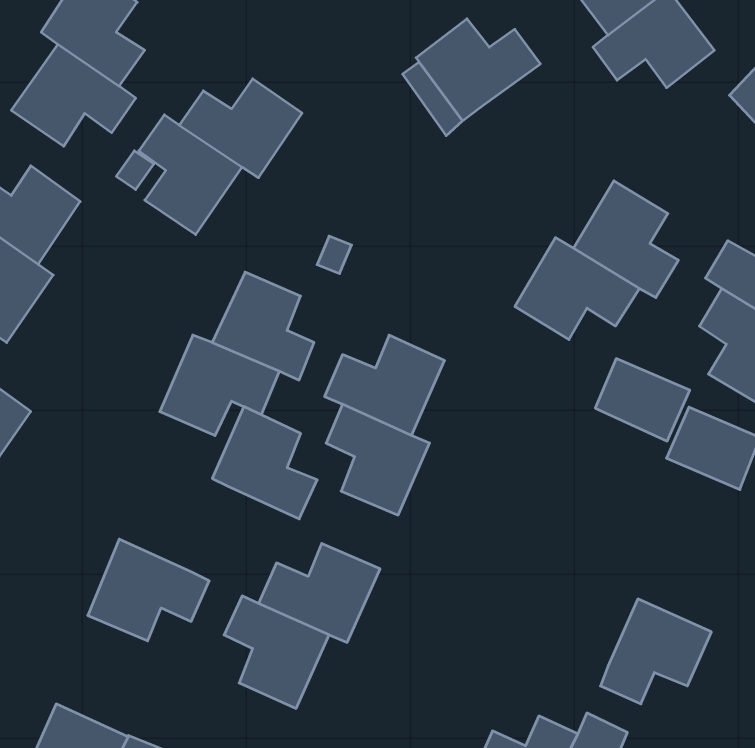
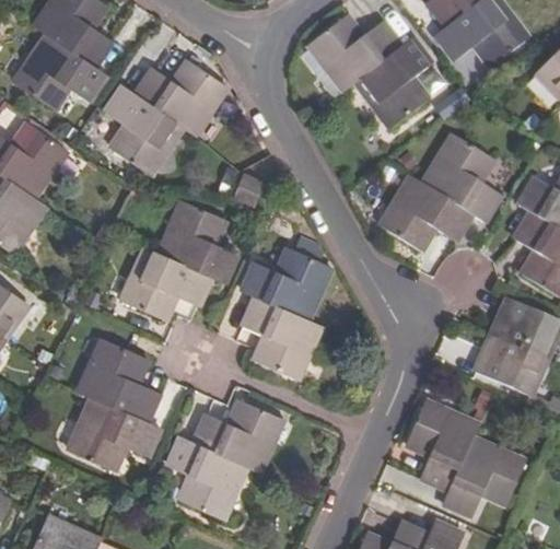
building: none -> [355,38,432,127]
building: [595,359,690,441] -> [476,336,545,396]
building: [212,407,317,519] -> [81,337,158,419]
building: none -> [405,401,476,488]

